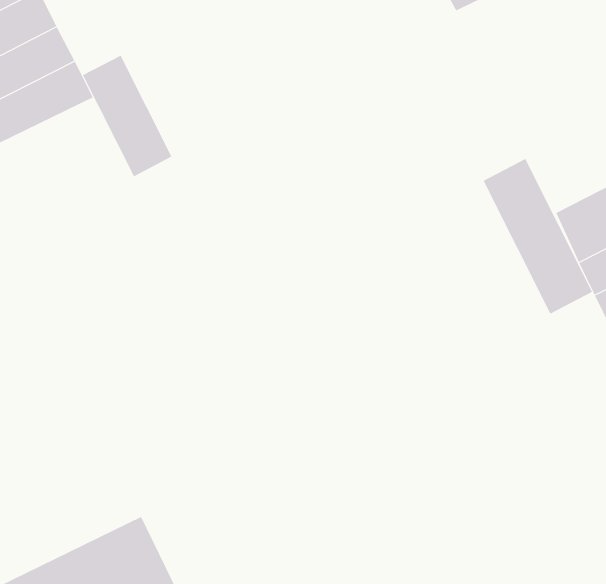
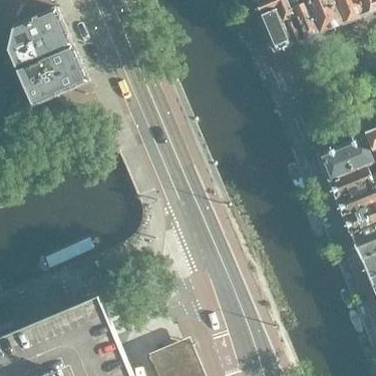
building: [82,55,172,177] -> none
building: [483,158,593,314] -> none

